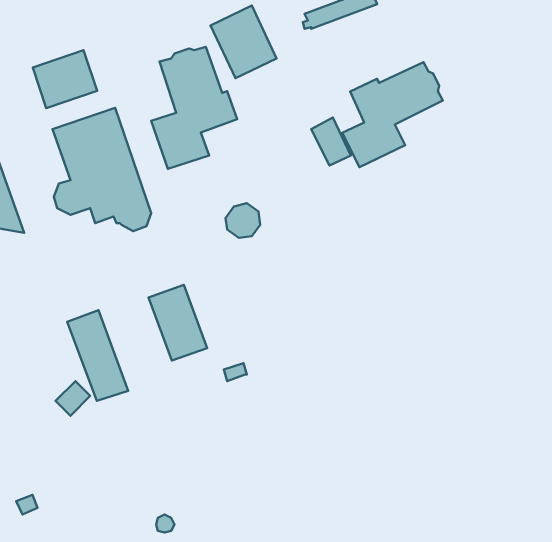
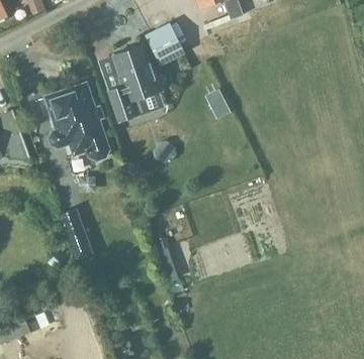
building: [33,50,97,108] -> none
building: [342,62,443,167] -> none
building: [148,285,207,361] -> none

